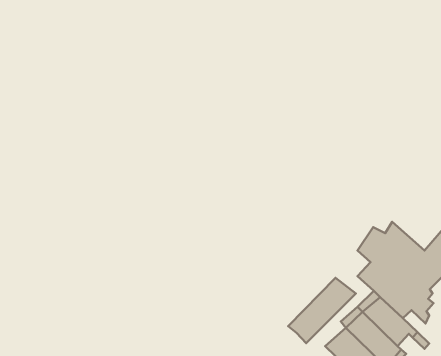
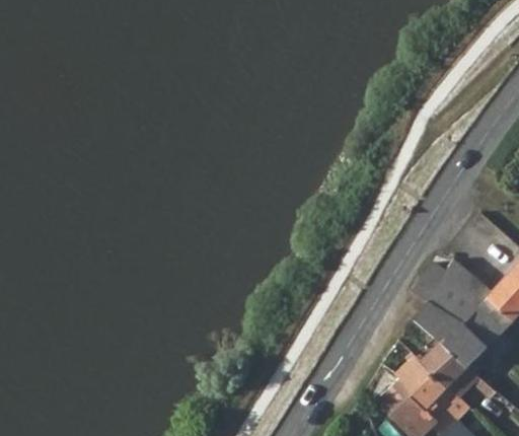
building: [288,278,356,343] -> none

